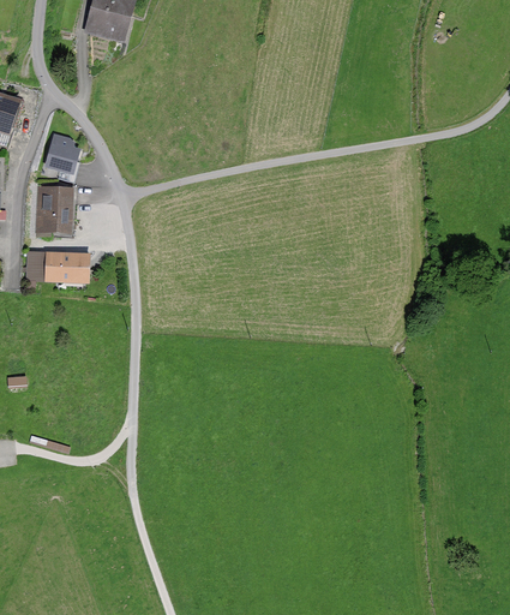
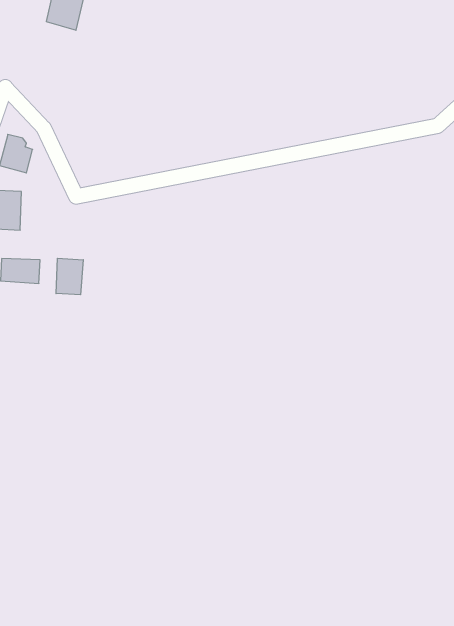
building: none -> [56,258,83,295]

